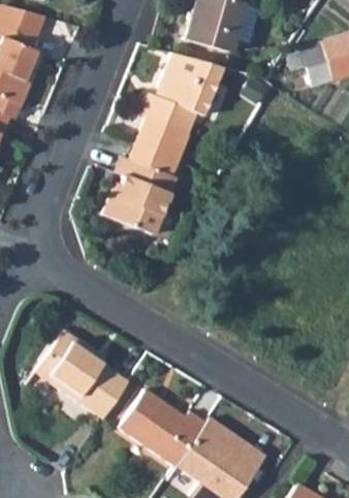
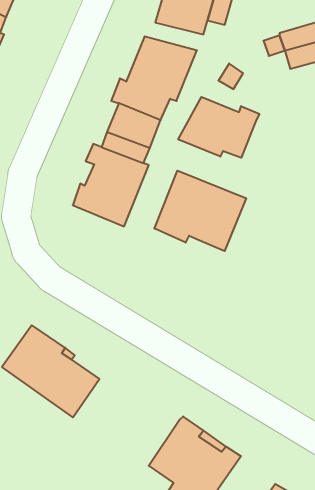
building: none -> [178,97,259,158]
building: none -> [154,171,246,251]
building: [120,389,208,466] -> none

